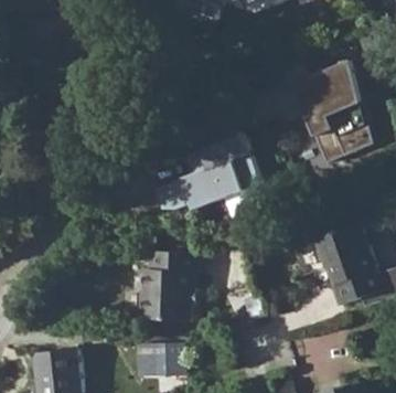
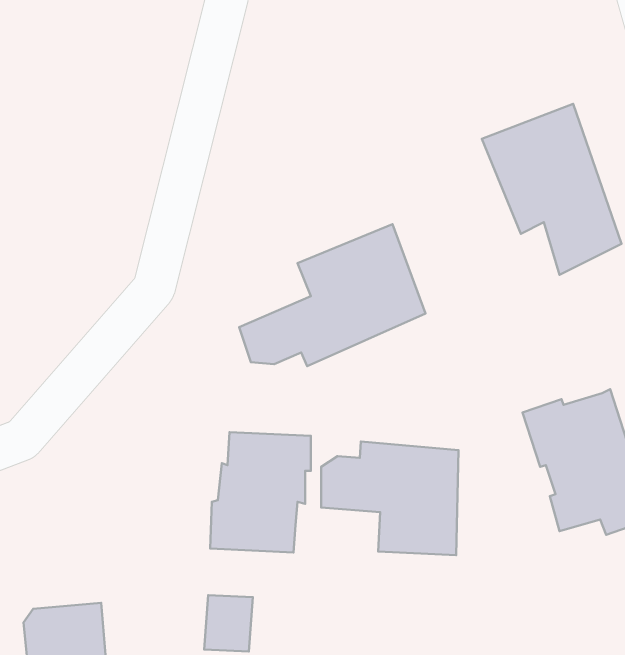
building: none -> [321,441,459,555]

